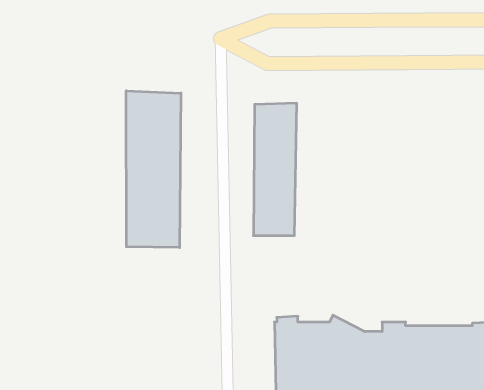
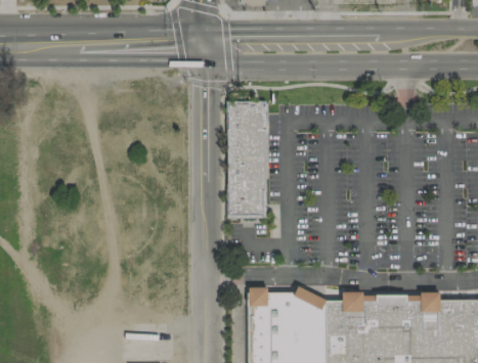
building: [126,91,181,248] -> none

